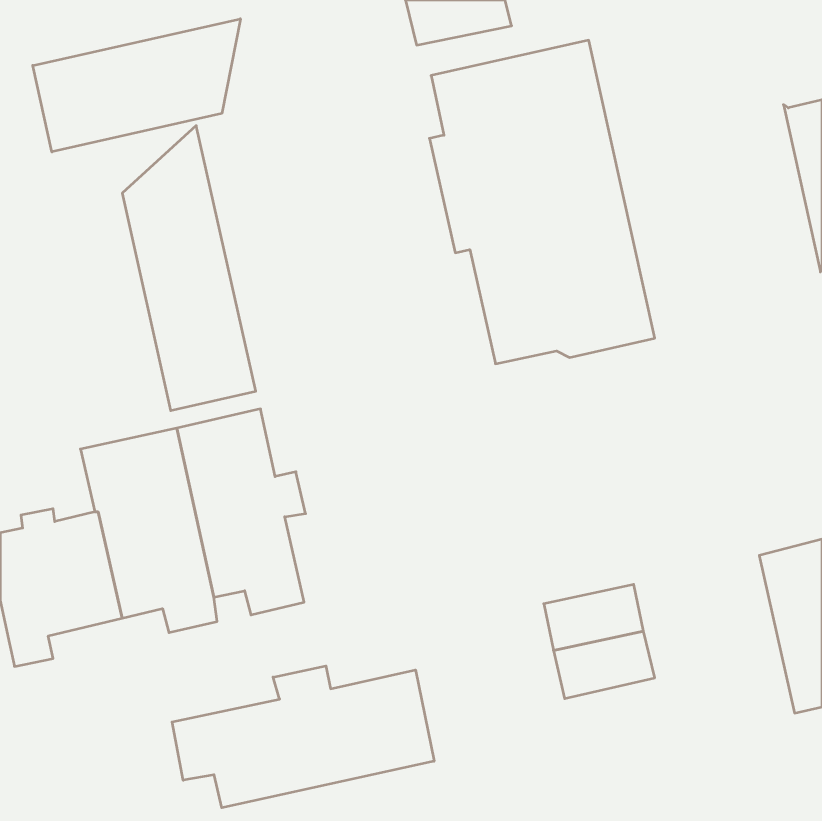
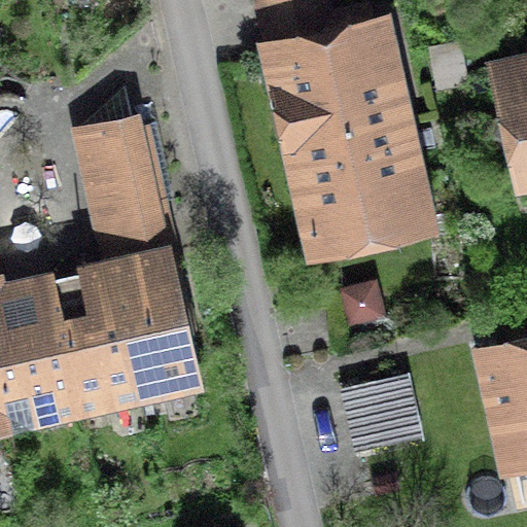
building: [33,19,240,152] -> none
building: [172,666,434,808] -> none

